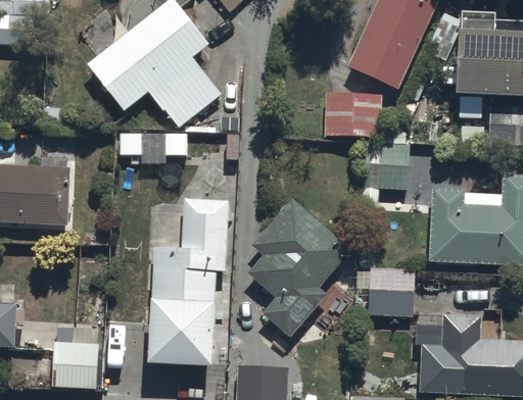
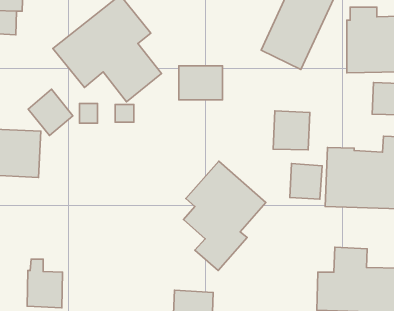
building: [325,93,380,136] -> [179,66,222,100]
building: none -> [28,89,73,135]
building: [145,196,228,362] -> none
building: [372,268,413,313] -> [290,163,322,199]

